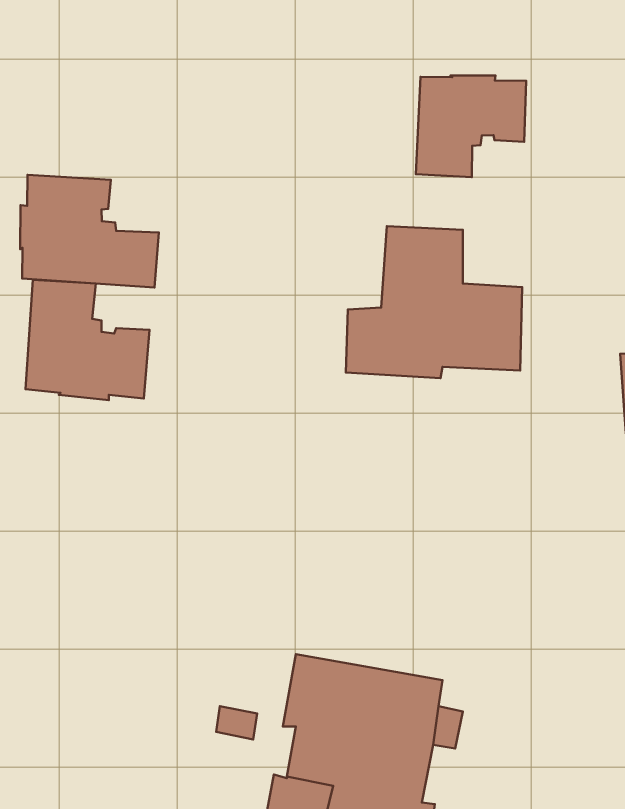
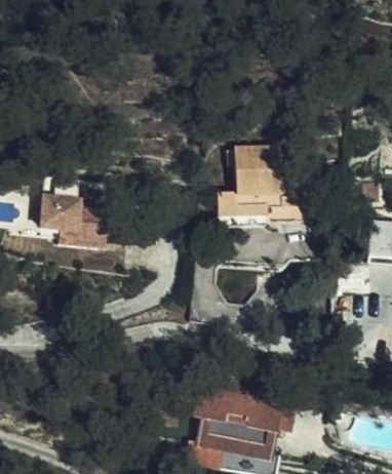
building: [416,75,526,177] -> none
building: [20,175,159,288] -> none

